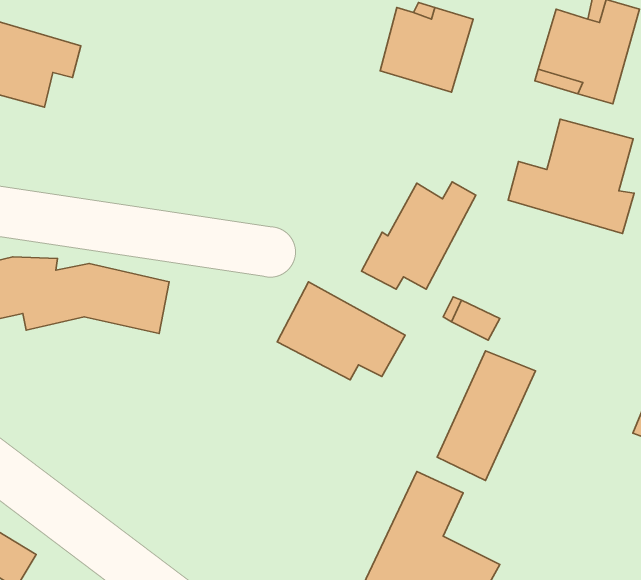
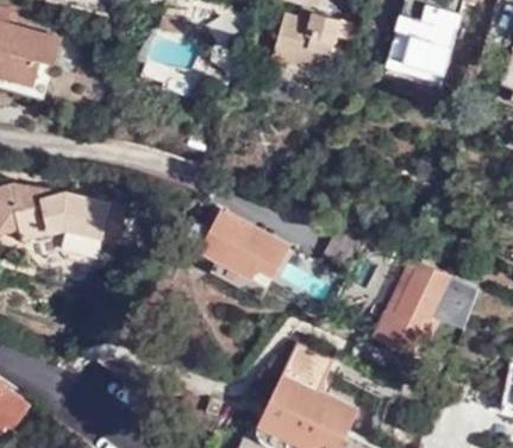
building: [508,119,634,233] -> none
building: [362,182,476,289] -> none
building: [437,351,535,480] -> [382,261,452,354]

